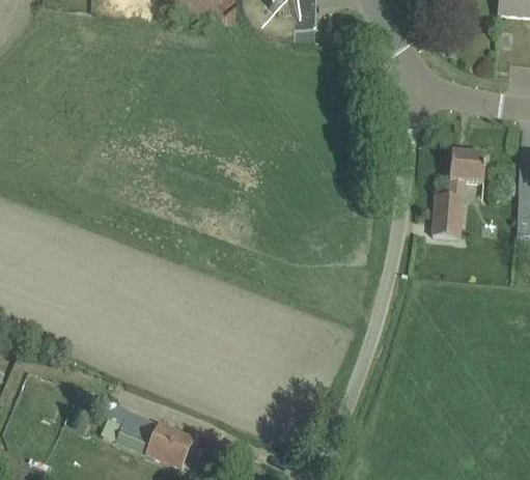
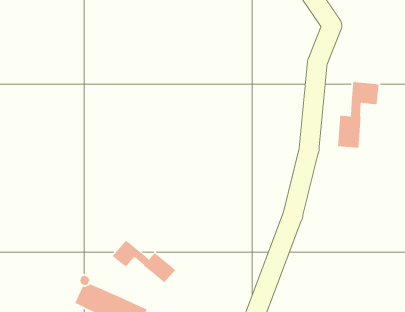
building: none -> [112,240,176,283]

